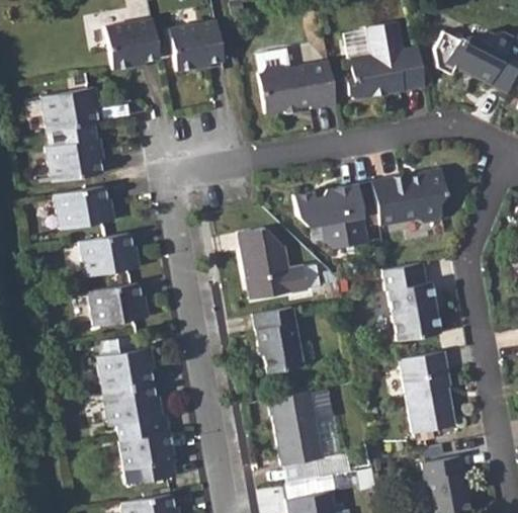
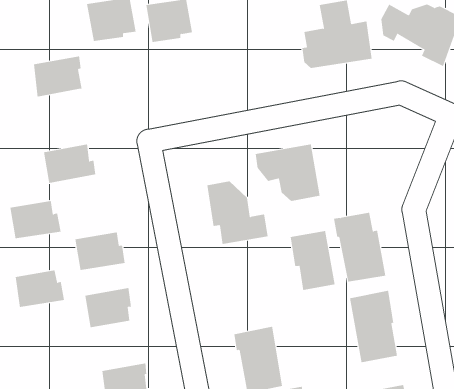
building: [256,60,335,112] -> none
building: [46,123,102,181] -> none
building: [372,168,447,224] -> none
building: [81,235,140,278] -> [9,200,62,239]
building: [253,307,305,374] -> [290,231,336,291]
building: [106,384,163,427] -> [15,270,65,307]

